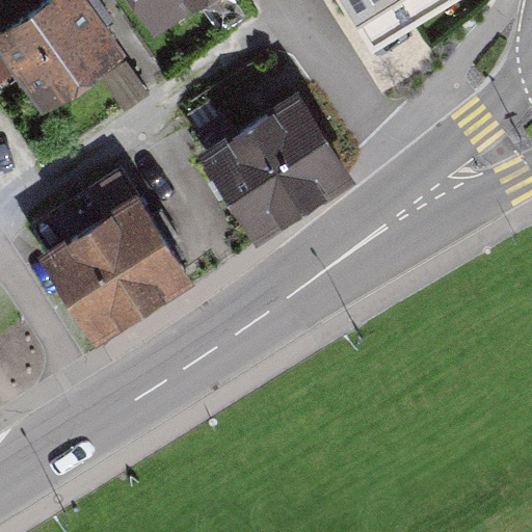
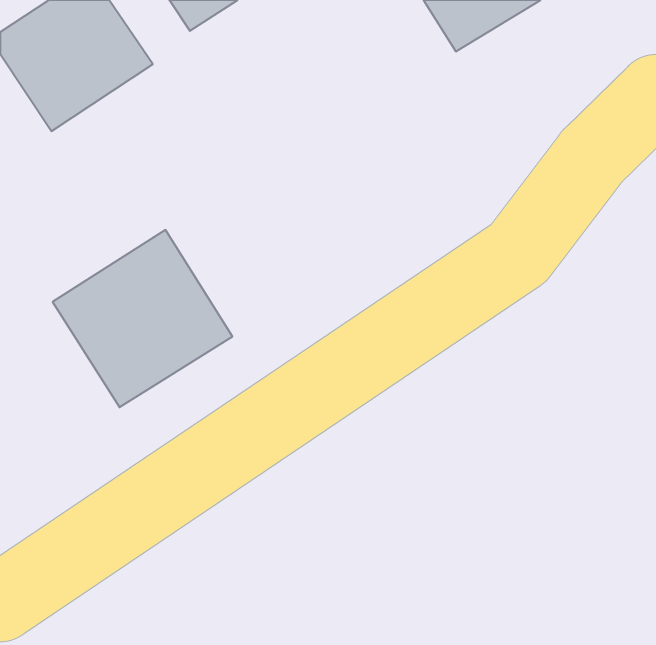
building: [203,99,350,242] -> none

